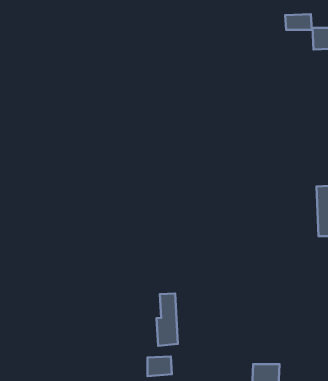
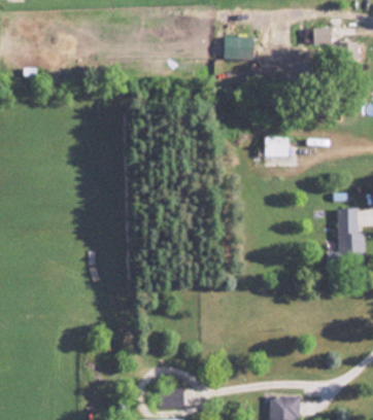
building: none -> [226,36,252,59]
building: none -> [267,137,290,156]
building: [156,293,178,346] -> none

